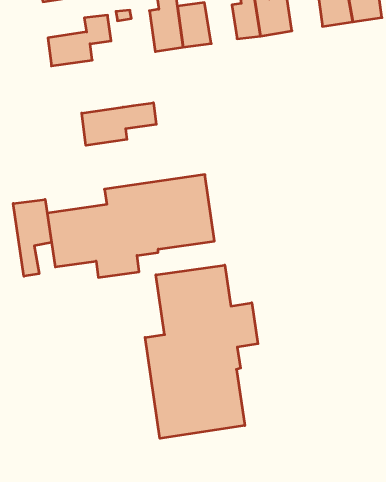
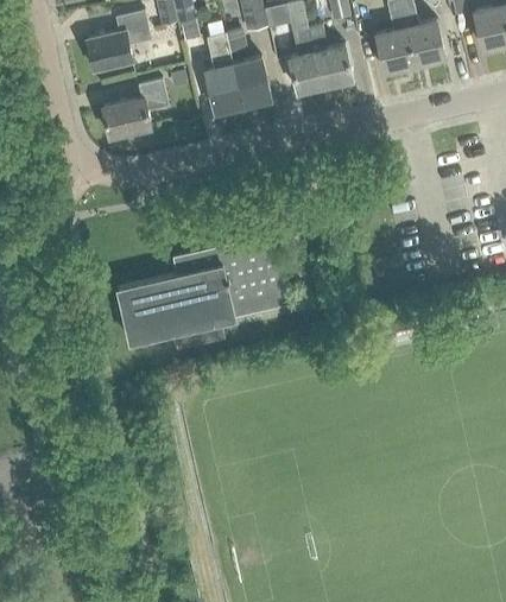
building: [82,103,156,145] -> none
building: [13,199,51,276] -> none
building: [145,265,258,438] -> none

